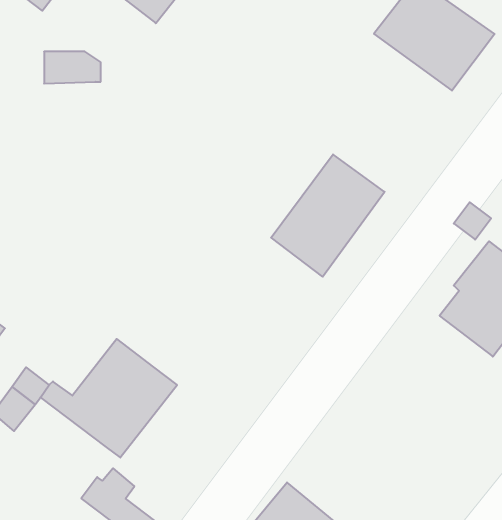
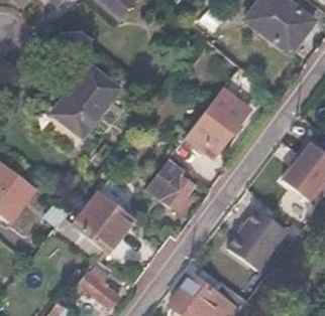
building: none -> [52,64,119,139]
building: none -> [147,160,196,215]
building: none -> [227,208,286,271]

